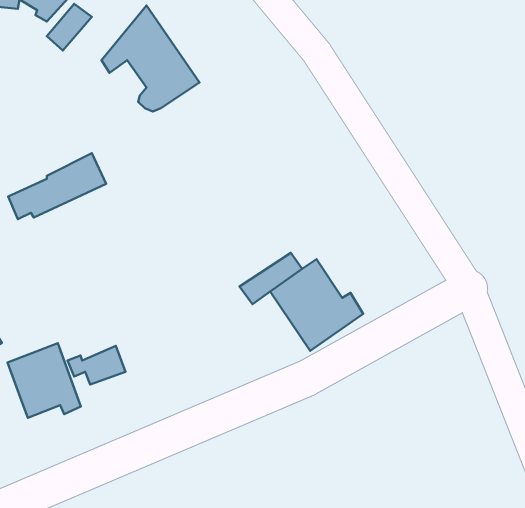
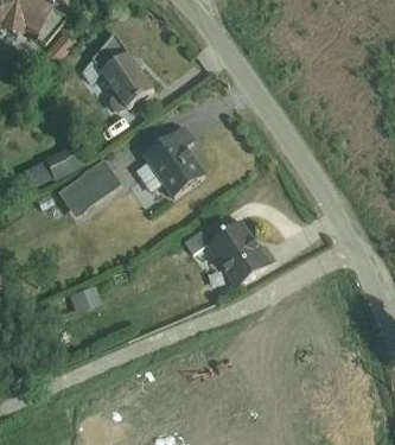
building: none -> [135,127,205,198]
building: none -> [56,159,122,217]
building: [8,343,81,418] -> none

